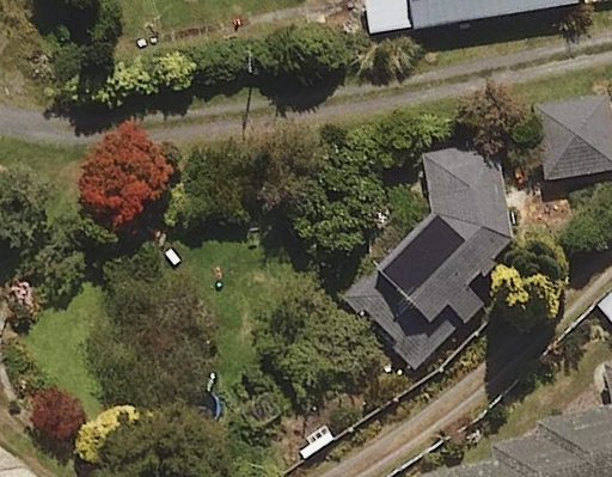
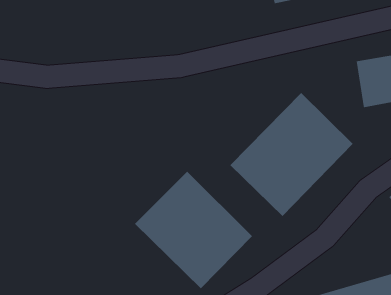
building: none -> [134,171,253,289]

